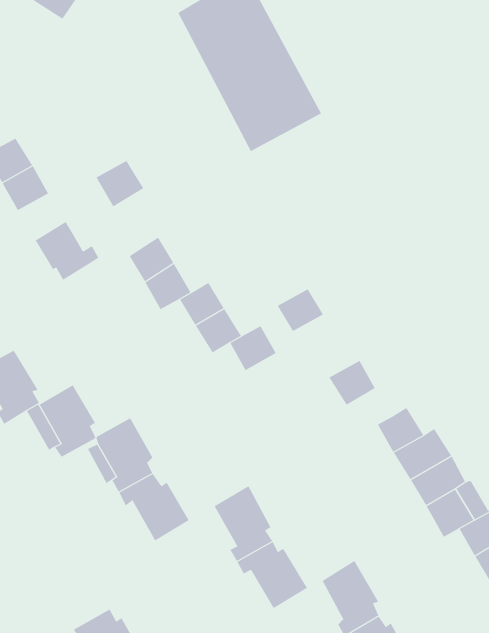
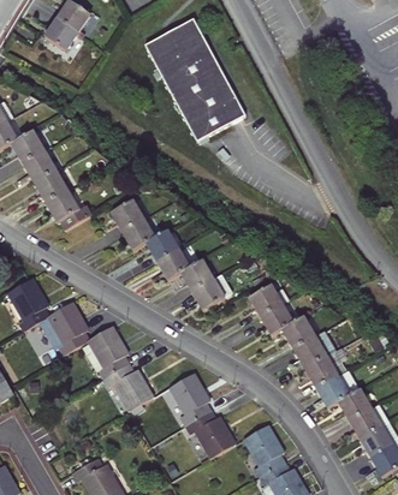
building: [96,160,144,207] -> [35,171,69,203]
building: [277,288,324,332] -> [192,281,225,311]
building: none -> [262,305,295,336]

